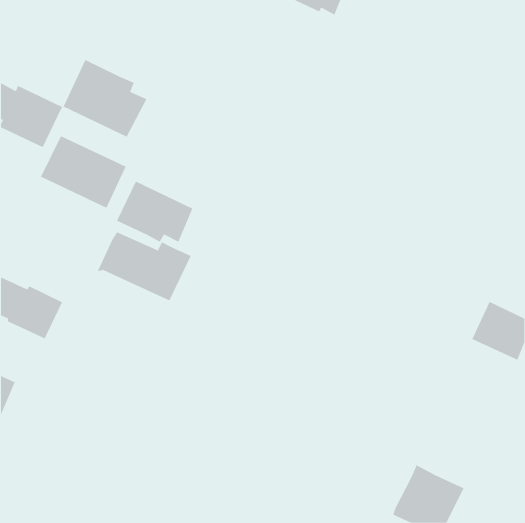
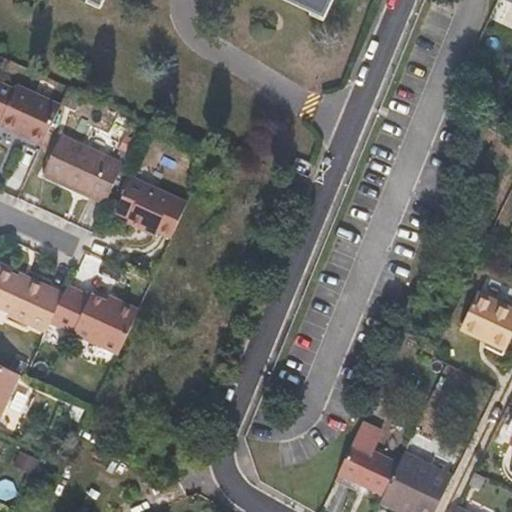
building: [63,59,147,137] -> none
building: [97,231,191,301] -> [46,287,138,355]
building: none -> [338,423,400,495]

